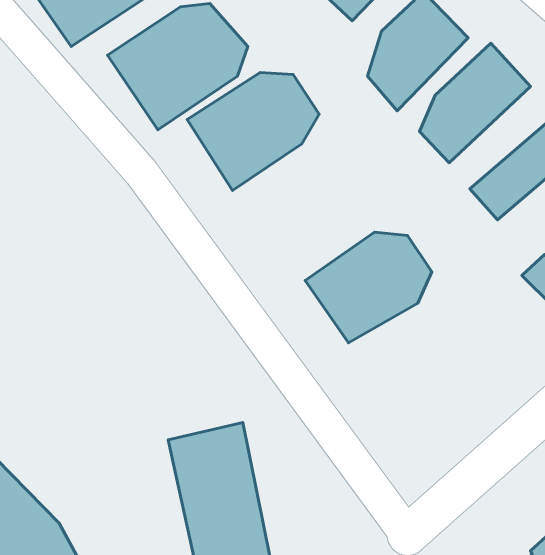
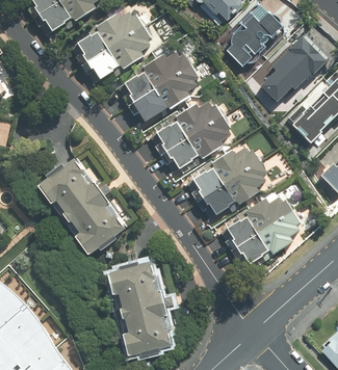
building: none -> [152,104,229,170]
building: none -> [36,157,127,255]
building: none -> [218,195,304,271]

